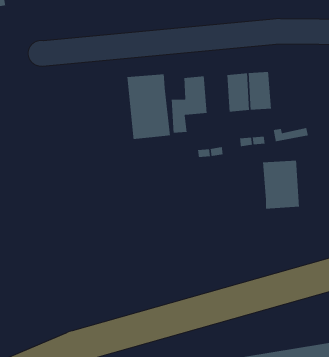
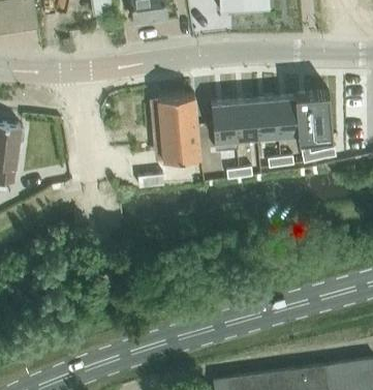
building: none -> [234,97,257,136]
building: [262,160,300,209] -> [297,92,334,141]

